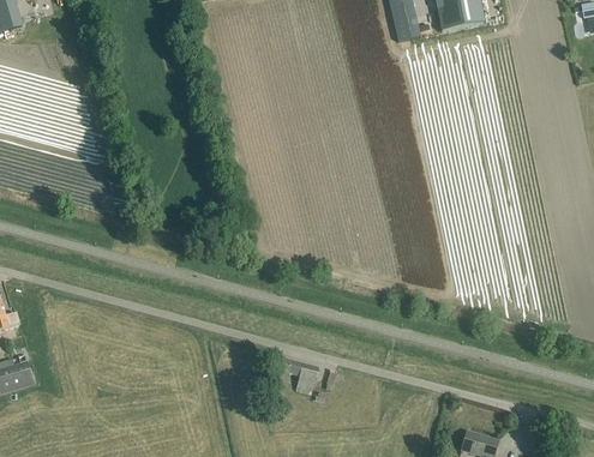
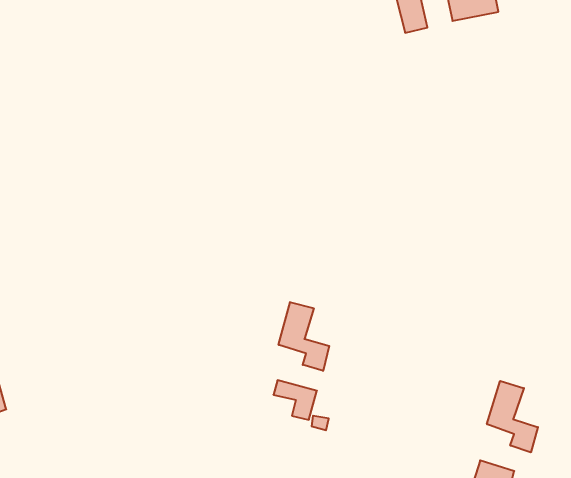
building: none -> [279,302,329,371]
building: none -> [487,381,538,452]

